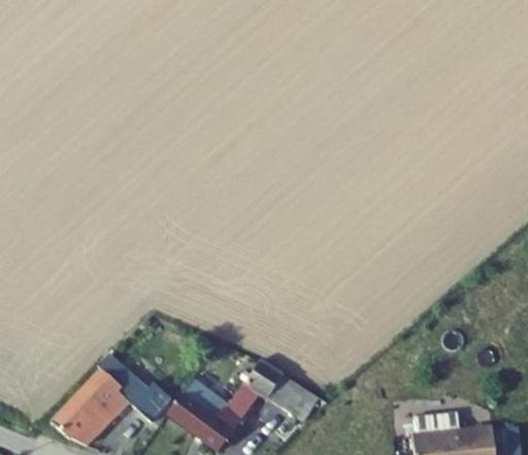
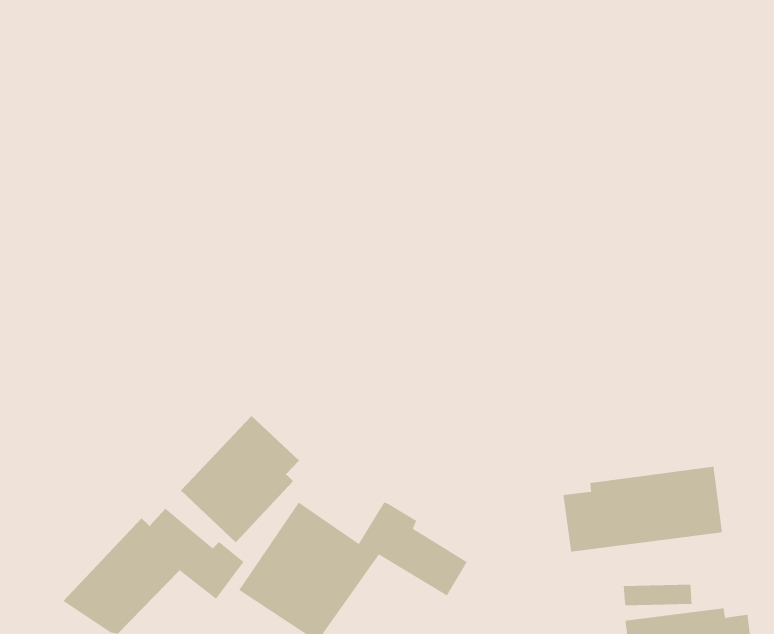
building: none -> [180,415,300,543]
building: none -> [563,466,723,553]

